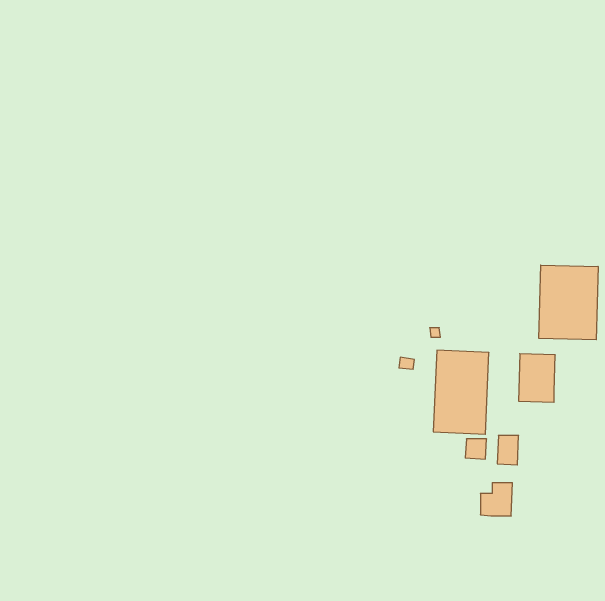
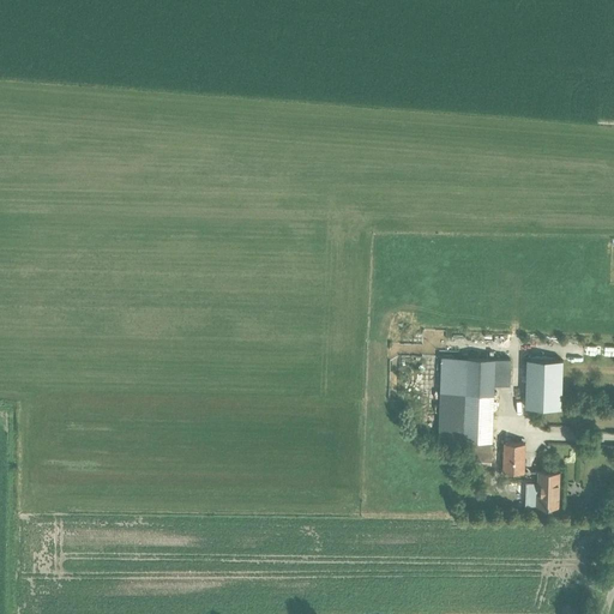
building: [539,265,598,340] -> none
building: [480,483,512,516] -> [526,475,559,508]

